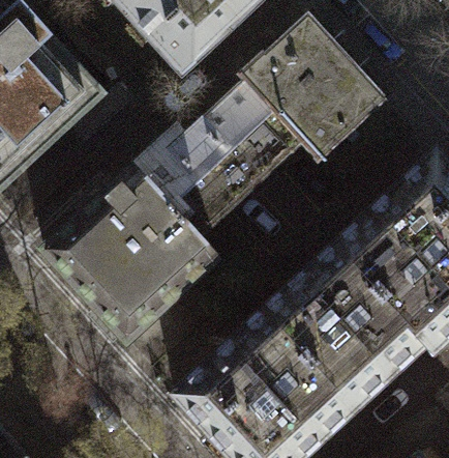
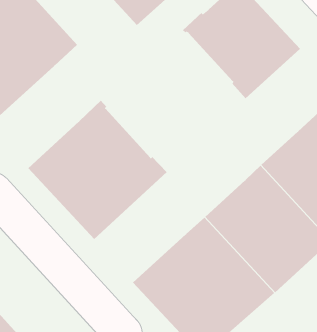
building: [137,79,302,236] -> none

